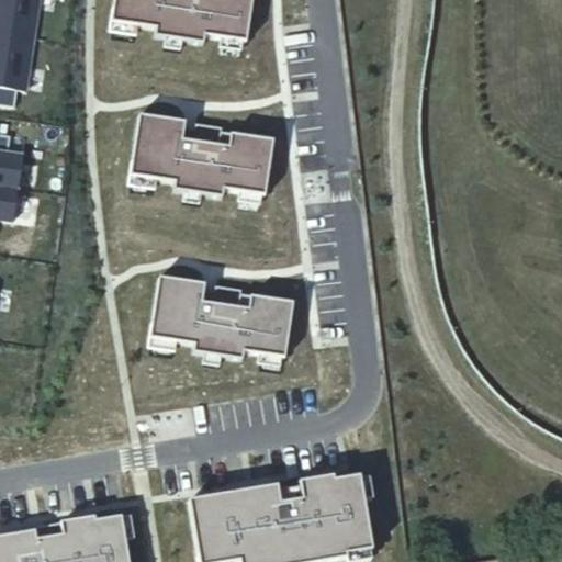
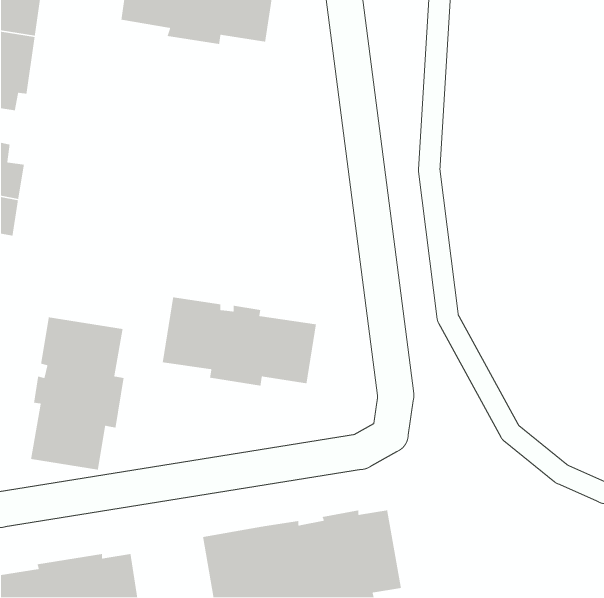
building: [131,112,274,195] -> none
building: none -> [30,317,124,471]

